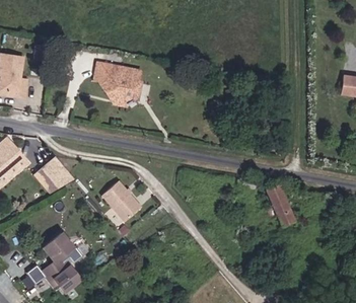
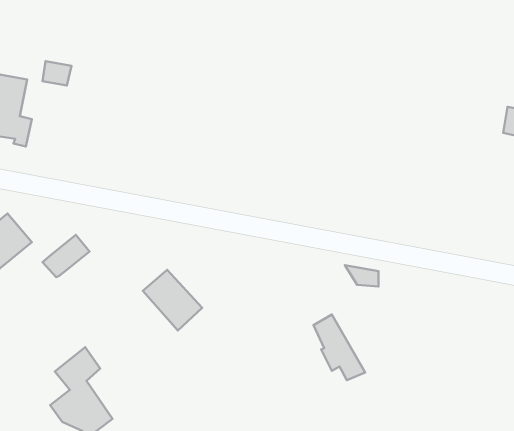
building: [92,60,144,106] -> none
building: [264,184,298,228] -> [314,315,365,380]

